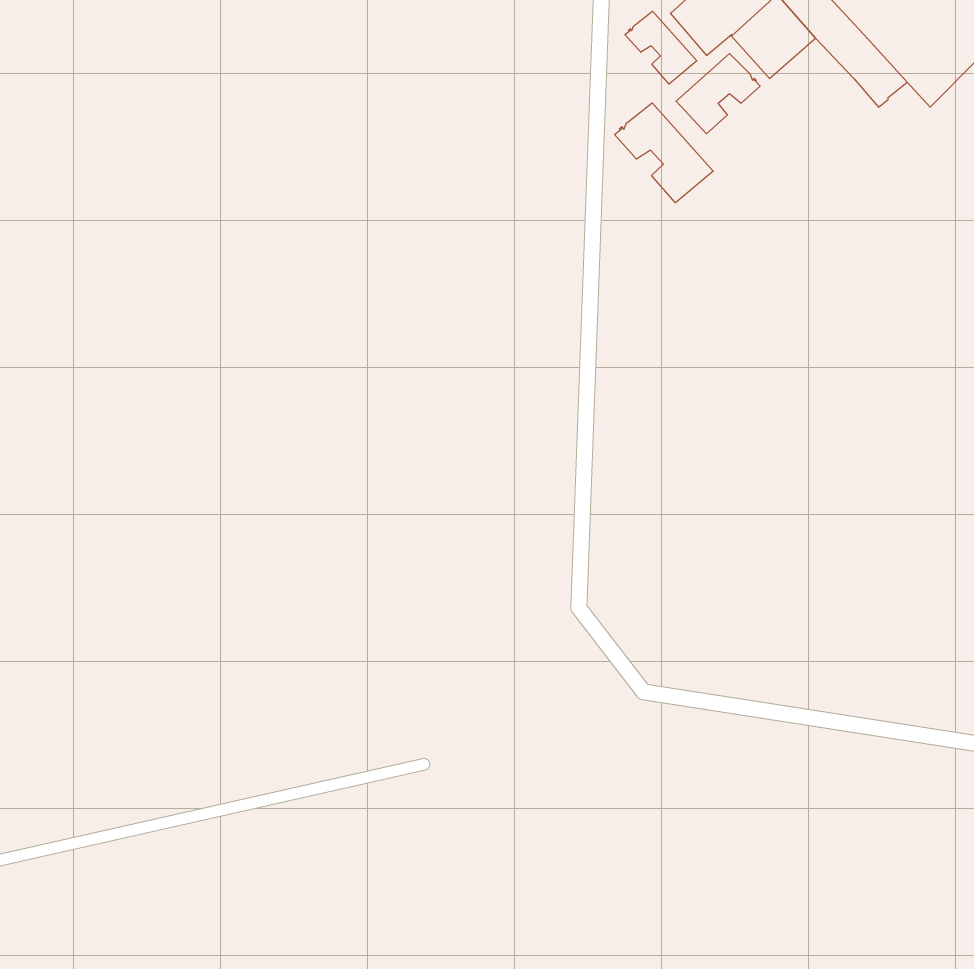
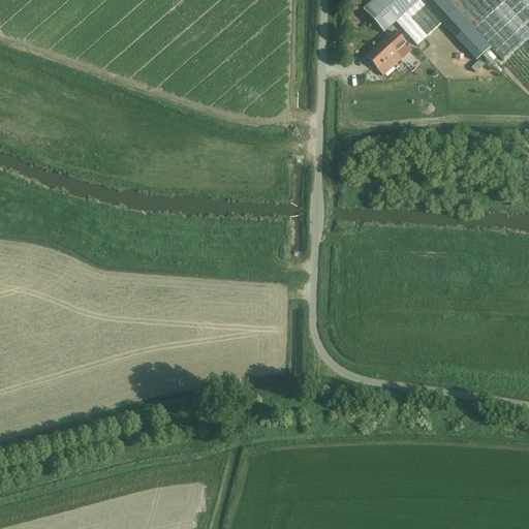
building: [625,11,697,84] -> none
building: [615,103,713,203] -> none

